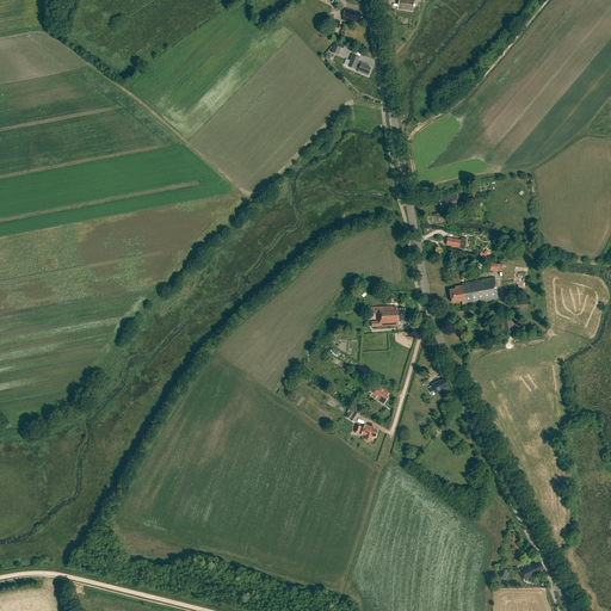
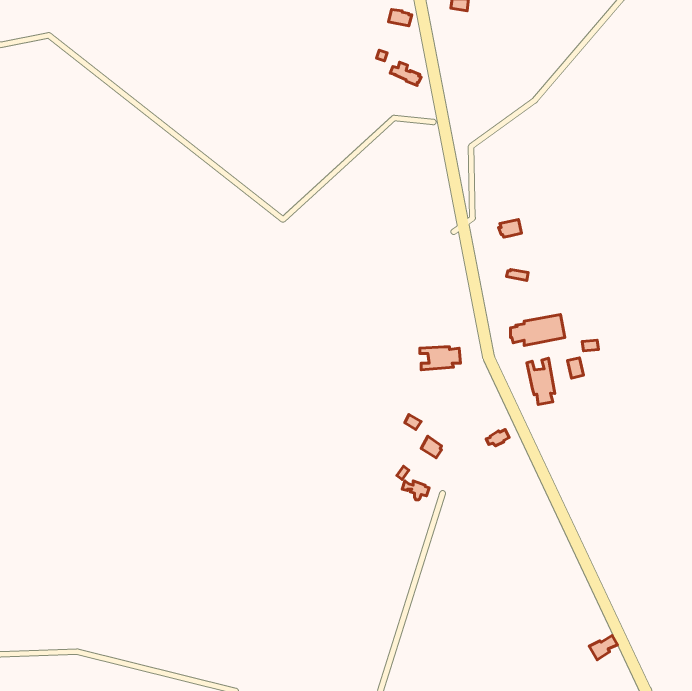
building: none -> [527,358,555,405]

